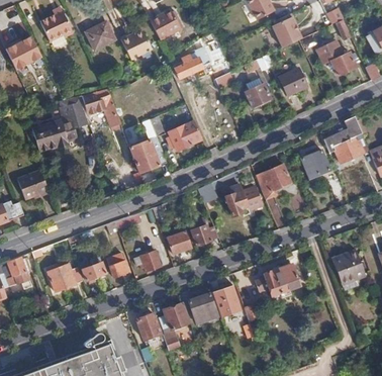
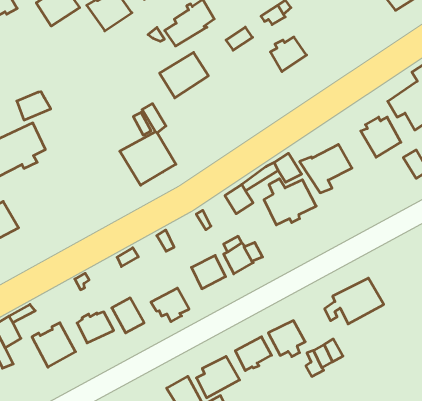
building: [279,69,306,95] -> none
building: [79,89,118,125] -> none
building: [168,121,202,152] -> [160,52,208,98]

